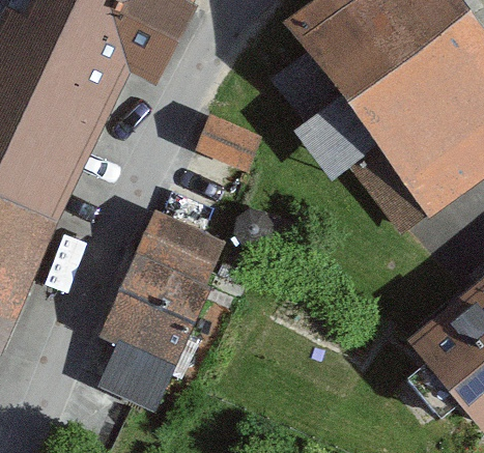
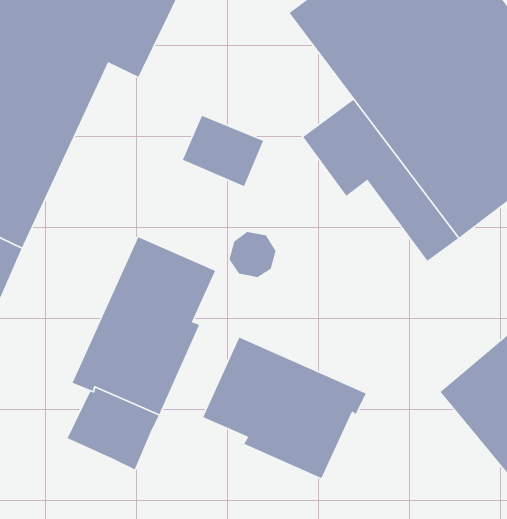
building: none -> [202,337,367,479]

